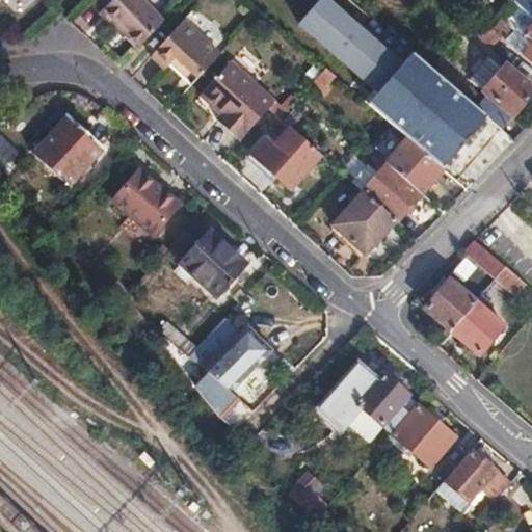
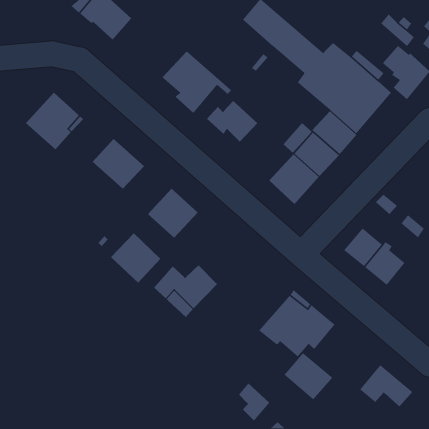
building: [153,20,222,85] -> none
building: none -> [110,232,161,283]
building: [195,371,237,415] -> none
building: [394,405,455,464] -> [284,352,333,400]

